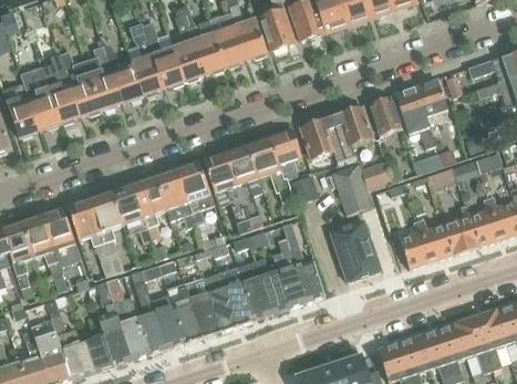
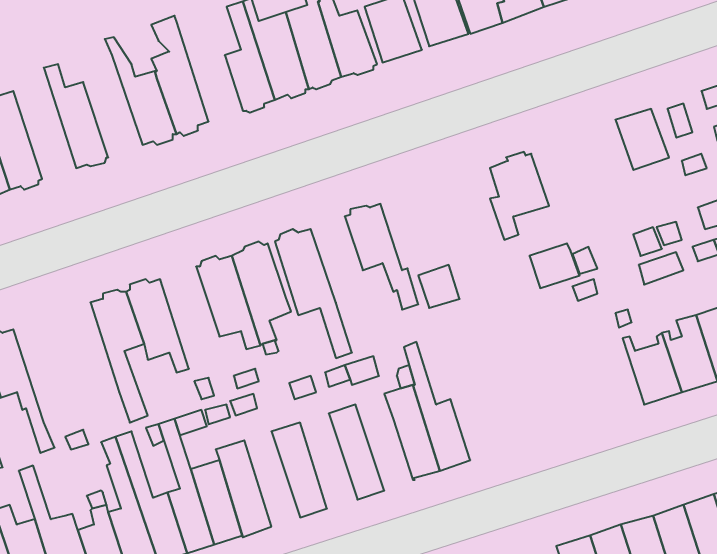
building: [143,21,184,86] -> none
building: [85,45,122,110] -> none
building: [42,53,81,123] -> none
building: [394,85,428,135] -> none
building: [369,95,401,135] -> none
building: [300,115,345,163] -> none
building: [269,129,301,178] -> none
building: [226,144,263,229] -> none
building: [332,165,371,214] -> none
building: [133,175,166,239] -> none
building: [68,198,114,274] -> none
building: [42,207,74,272] -> none
building: [330,220,381,282] -> none
building: [397,220,432,269] -> none
building: [254,258,289,314] -> none
building: [219,267,255,325] -> none
building: [185,278,219,336] -> none

